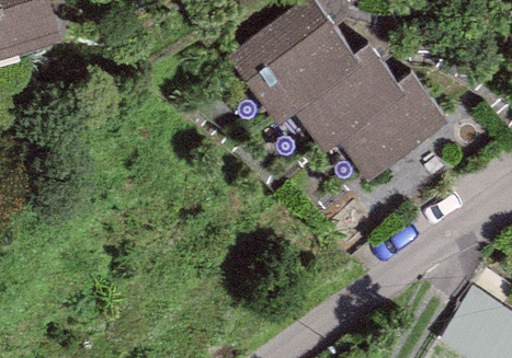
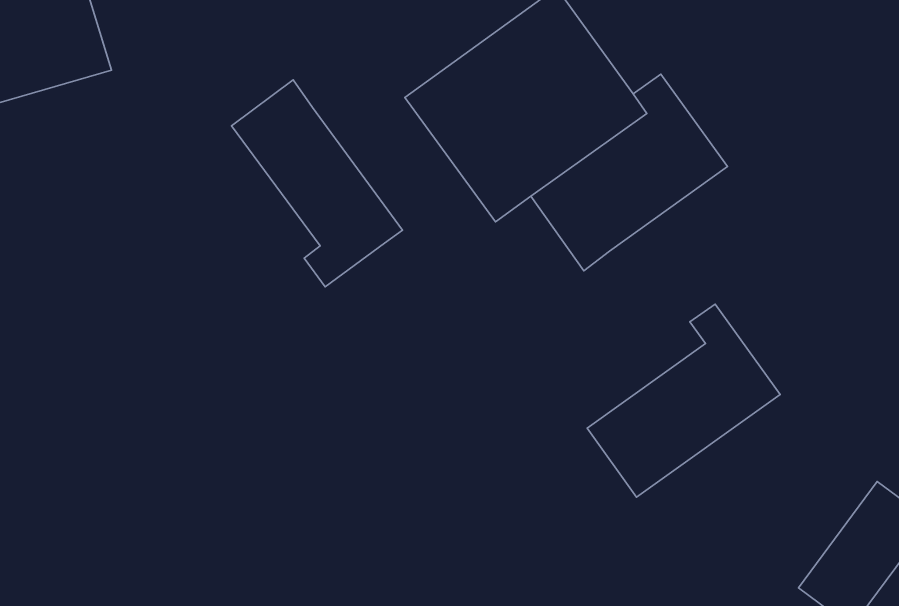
building: none -> [231,80,403,287]
building: [340,73,447,181] -> [587,304,780,497]

